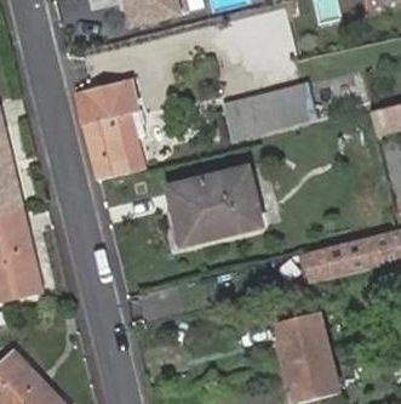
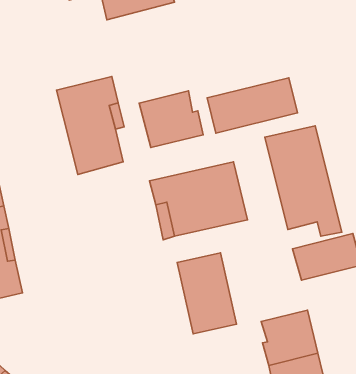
building: none -> [139,91,203,147]
building: none -> [265,126,342,236]
building: none -> [177,253,236,334]

